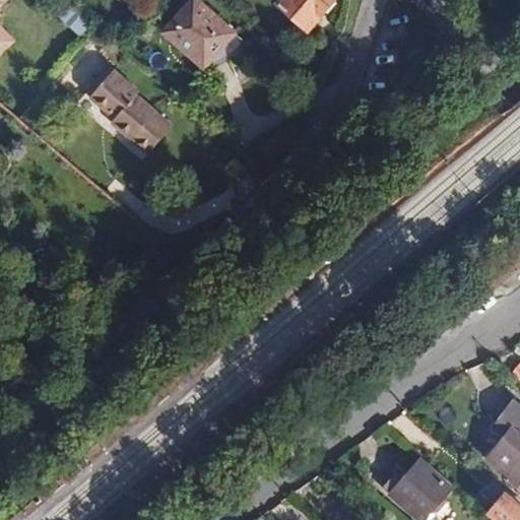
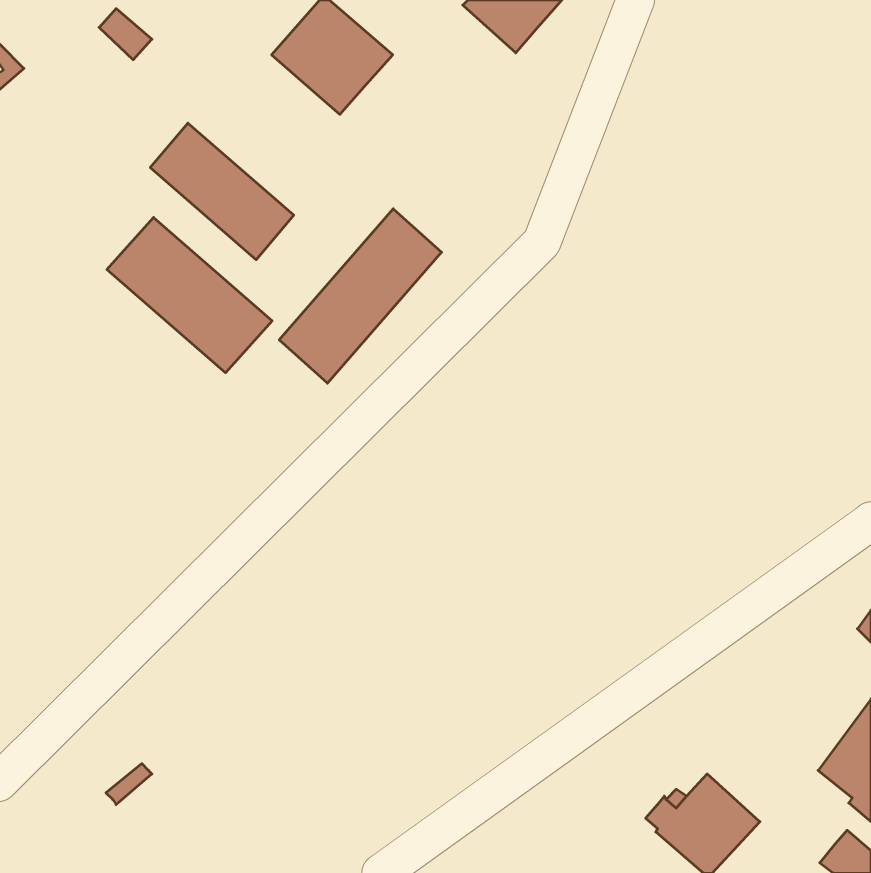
building: none -> [279,209,442,383]
building: none -> [107,217,272,373]

